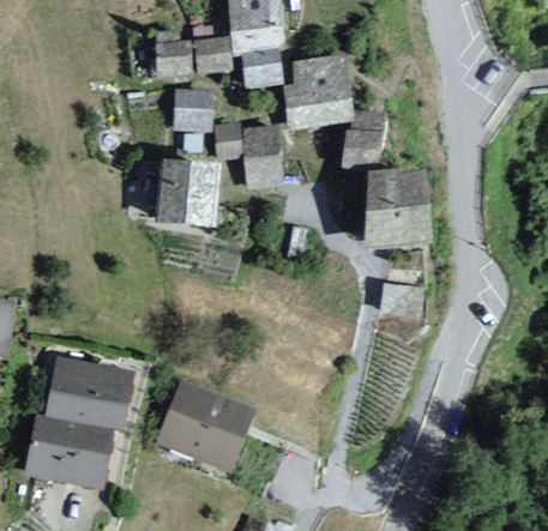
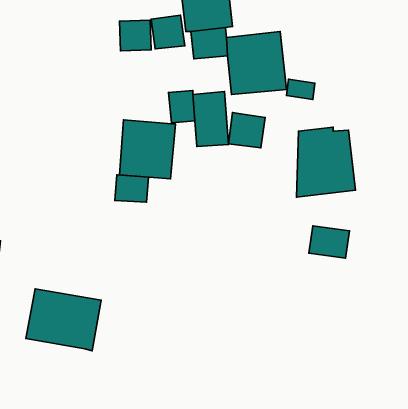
building: [170,86,212,132] -> none
building: [339,127,383,169] -> [228,112,265,148]
building: none -> [115,175,148,202]
building: [155,379,255,472] -> none
building: [25,414,114,489] -> none

